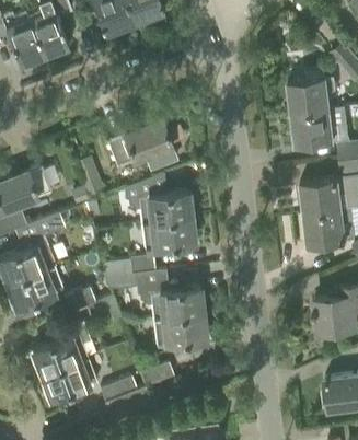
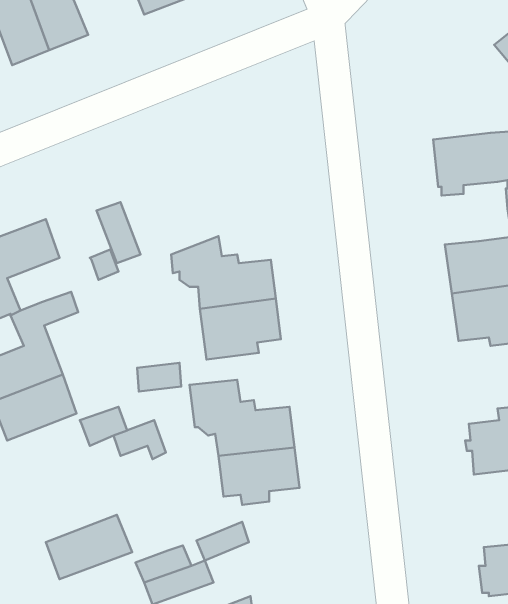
building: [289,72,337,116] -> none
building: [107,121,176,171] -> none
building: [33,324,91,377] -> none

